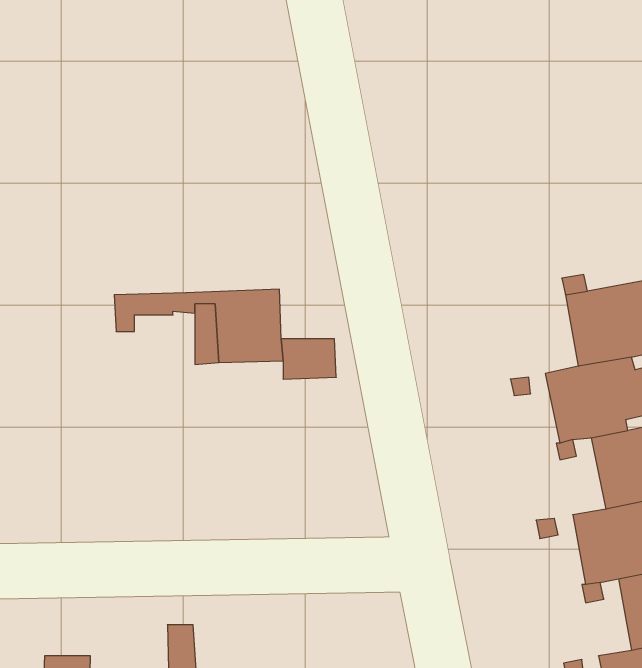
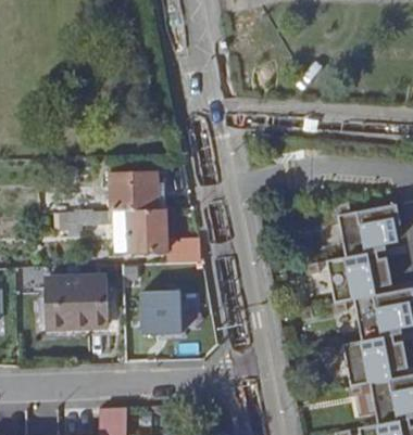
building: none -> [111,172,167,212]
building: none -> [47,278,114,318]
building: none -> [145,290,186,334]

